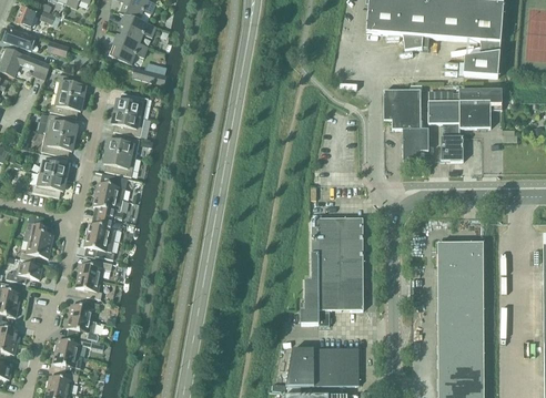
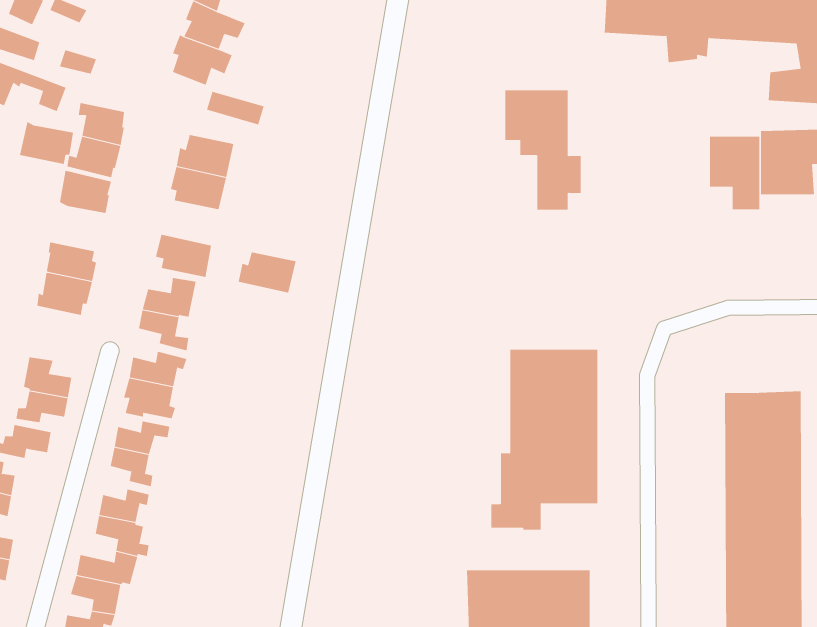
building: [383,90,428,161] -> [504,90,582,210]
building: [41,132,73,157] -> [19,121,74,165]
building: [105,133,140,157] -> [238,252,296,293]
building: [439,136,463,160] -> none

